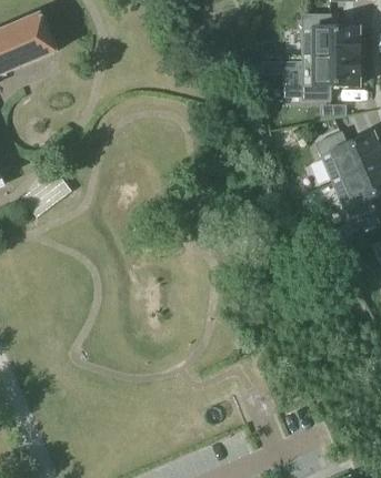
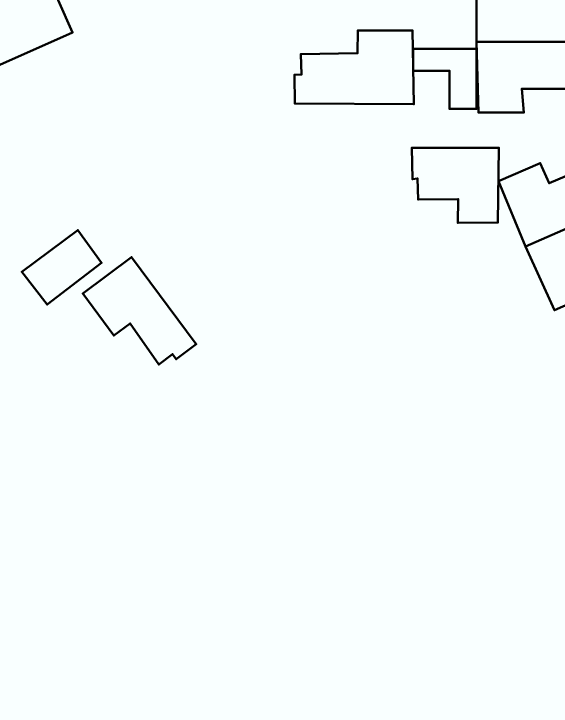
building: none -> [294,31,414,104]
building: none -> [412,148,499,223]
building: none -> [83,257,196,365]

